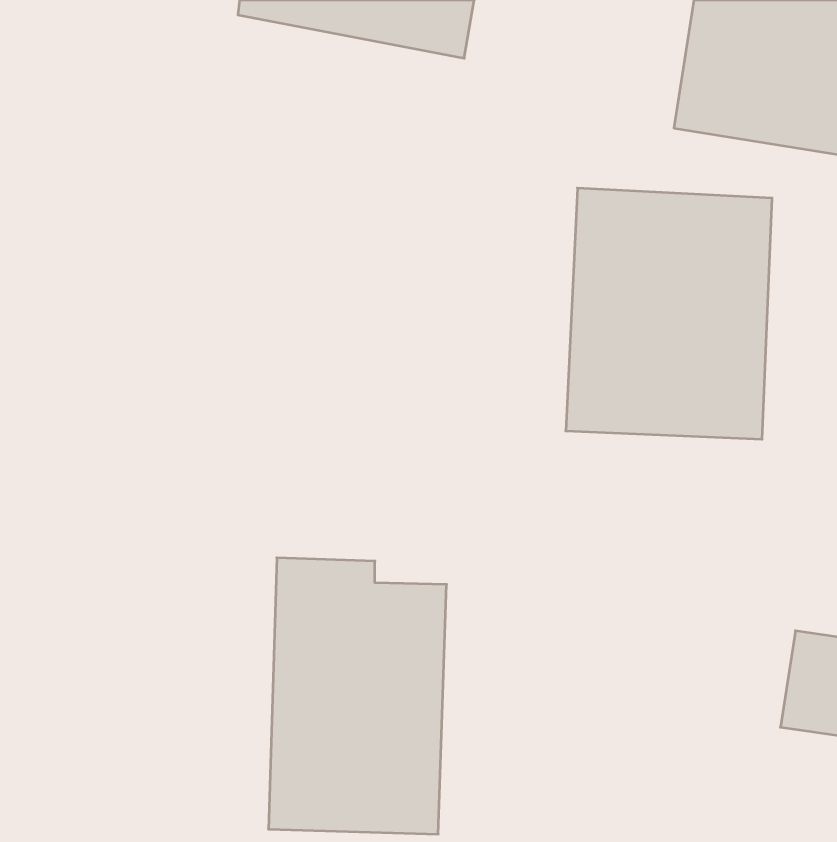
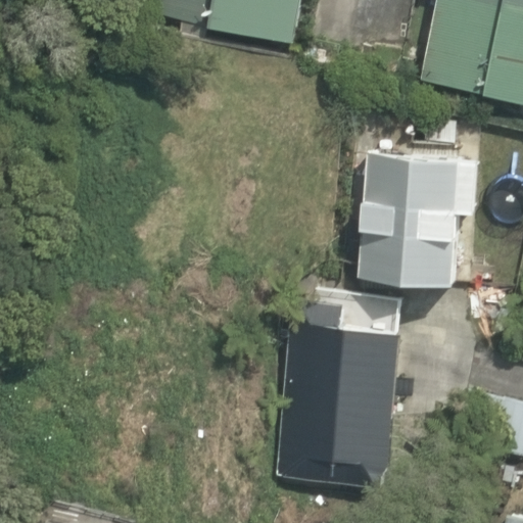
building: [268,558,447,834] -> [285,313,394,482]

